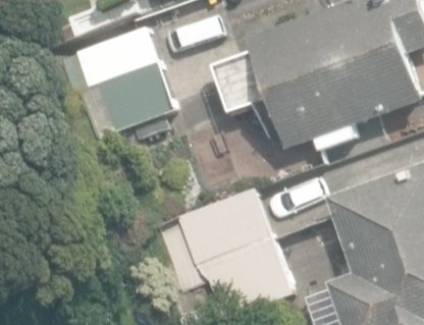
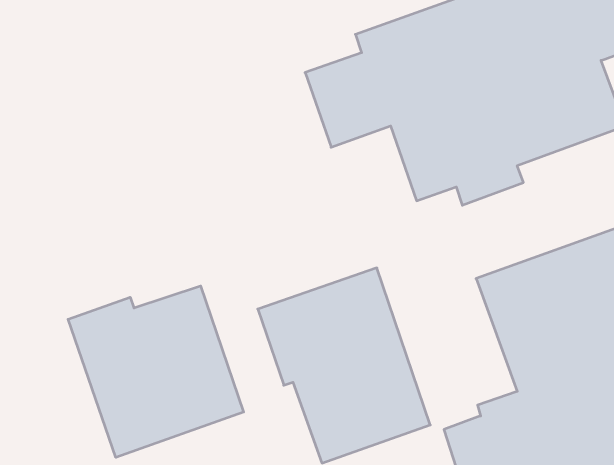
building: [72,22,173,134] -> none
building: none -> [68,286,244,457]

